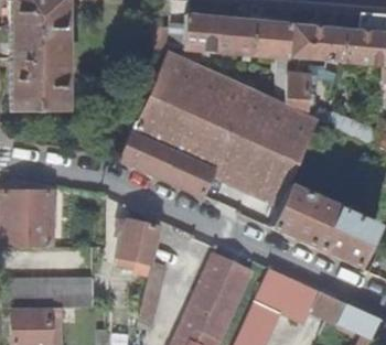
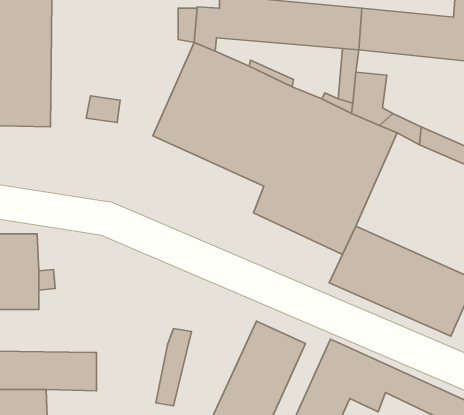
building: [120,118,222,196] -> none
building: [125,219,161,273] -> none

